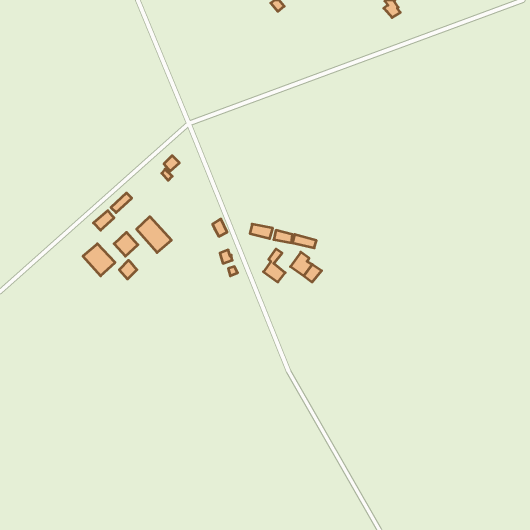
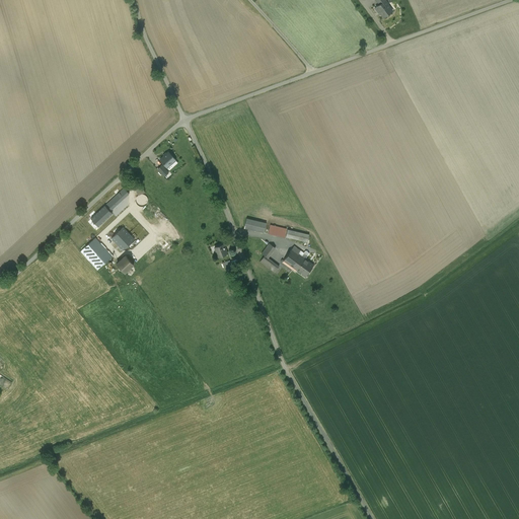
building: [137,217,171,253] -> none

